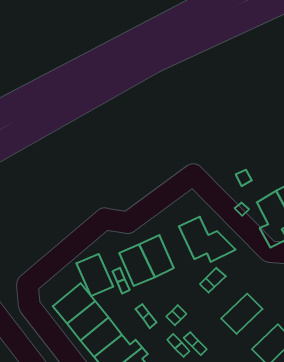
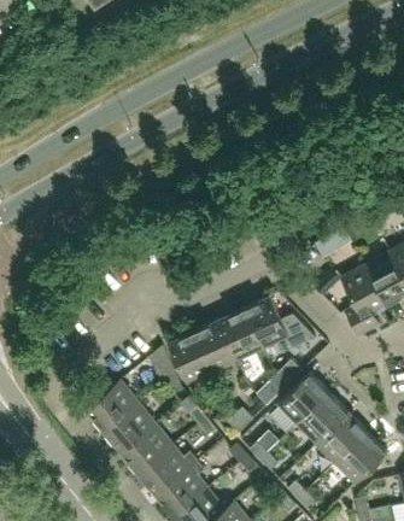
building: none -> [219,309,263,361]
building: [76,254,113,296] -> none
building: none -> [277,373,329,425]
building: none -> [316,412,368,463]

